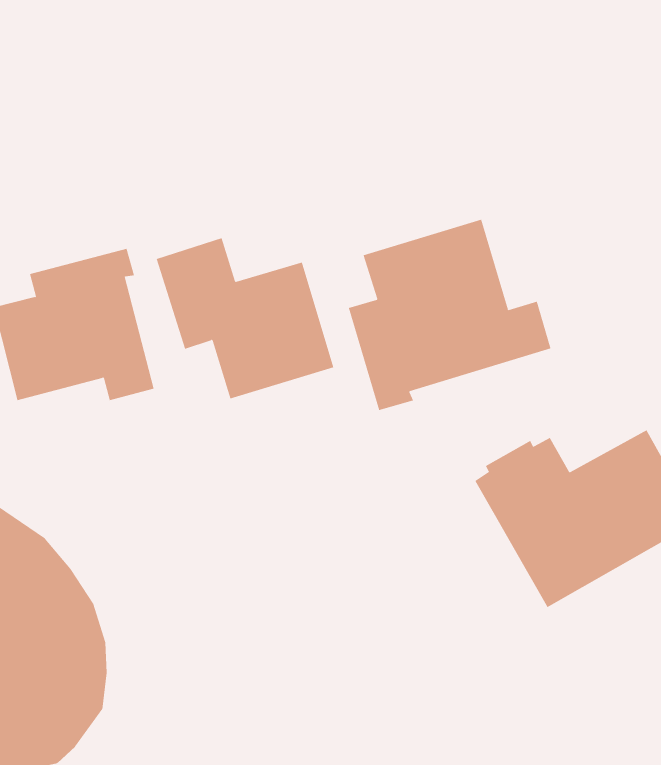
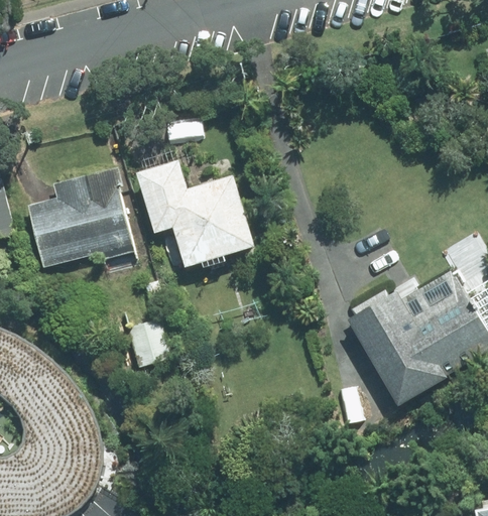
building: [348,219,551,411] -> none
building: none -> [126,318,170,367]

